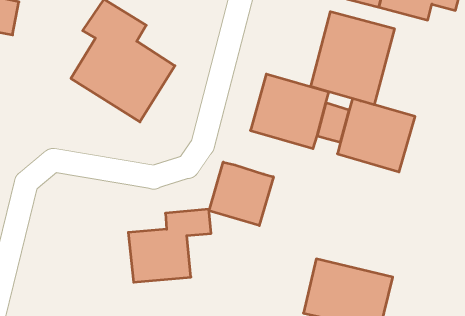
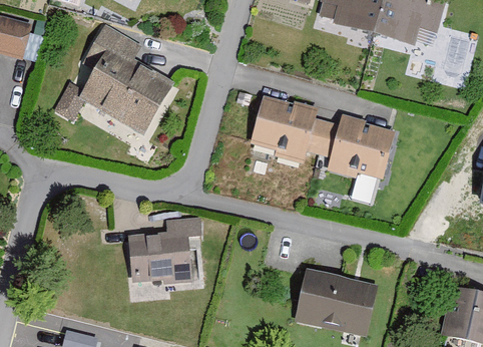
building: [311,12,394,105] -> none
building: [209,162,273,226] -> none

